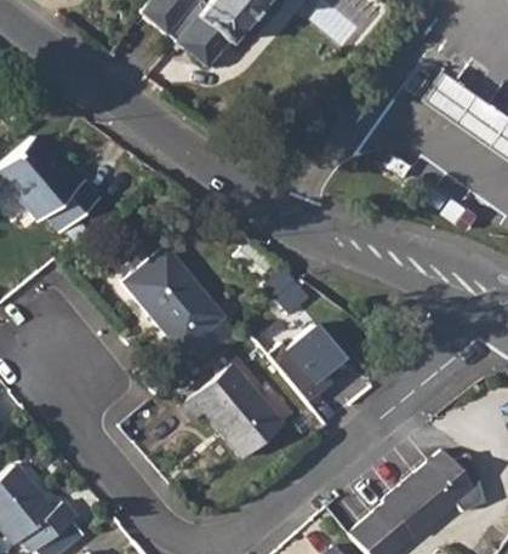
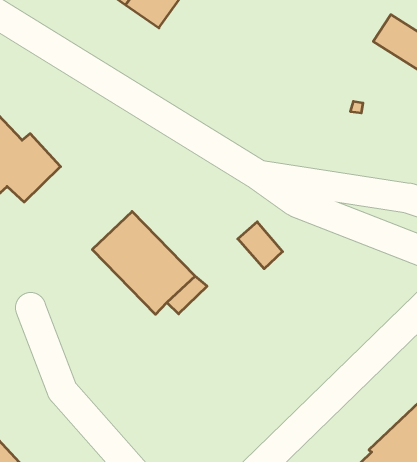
building: [273,321,355,401] -> none
building: [182,364,282,457] -> none

